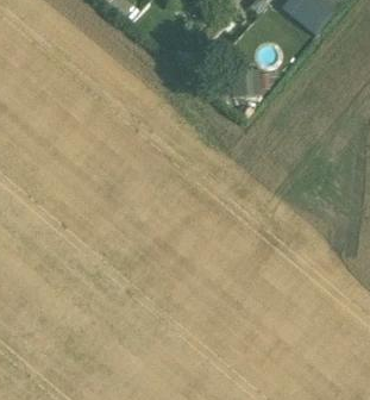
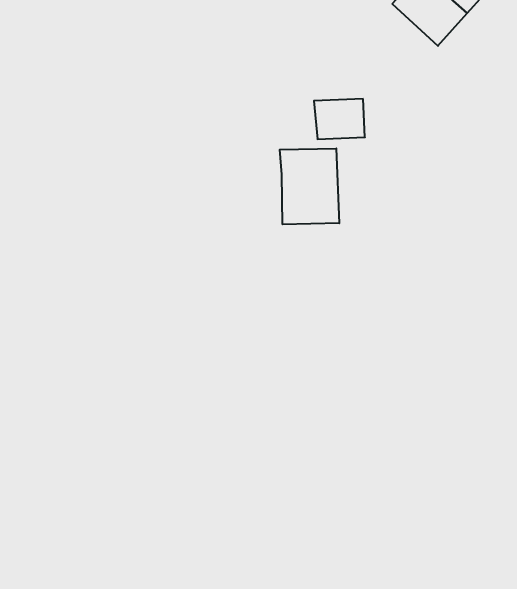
building: none -> [280,148,339,224]

